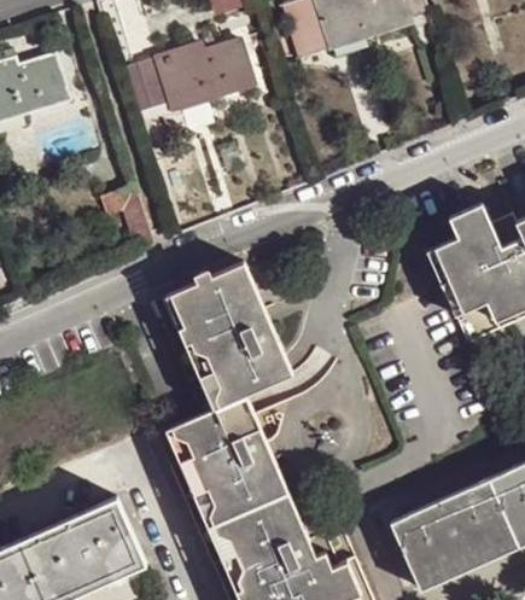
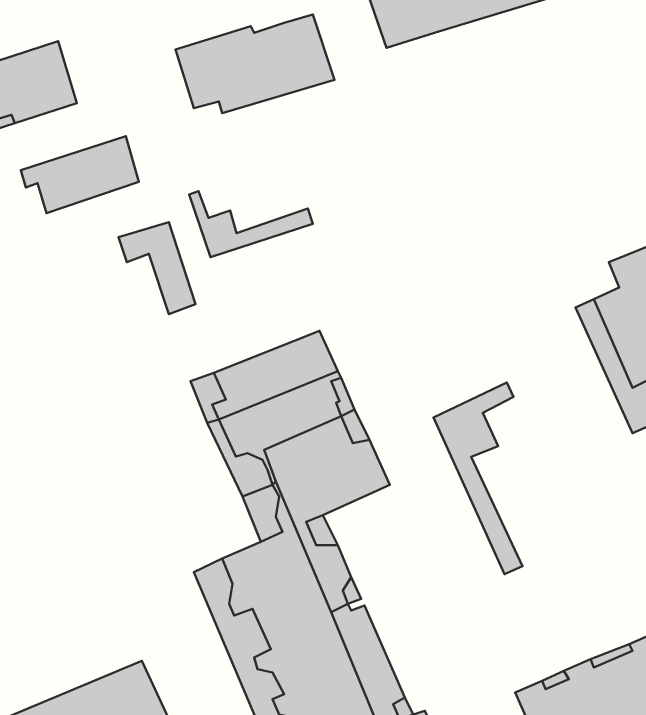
building: none -> [21,136,139,213]
building: none -> [189,191,313,257]
building: none -> [434,382,522,574]

